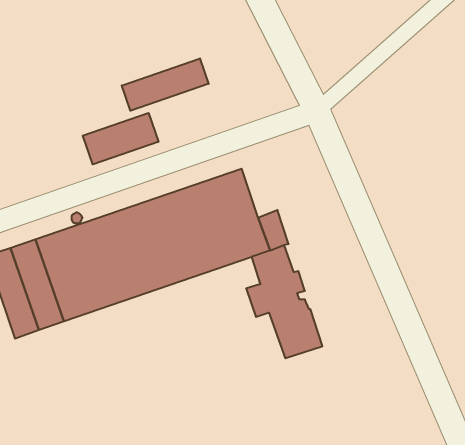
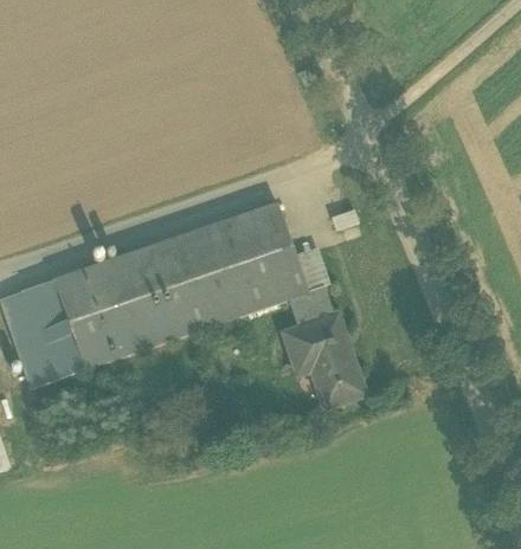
building: [122,58,209,111] -> none
building: [83,113,158,164] -> none

